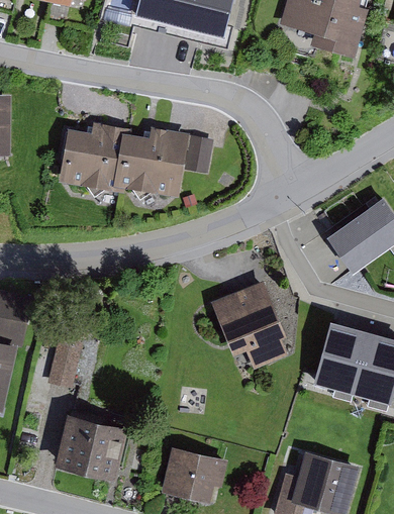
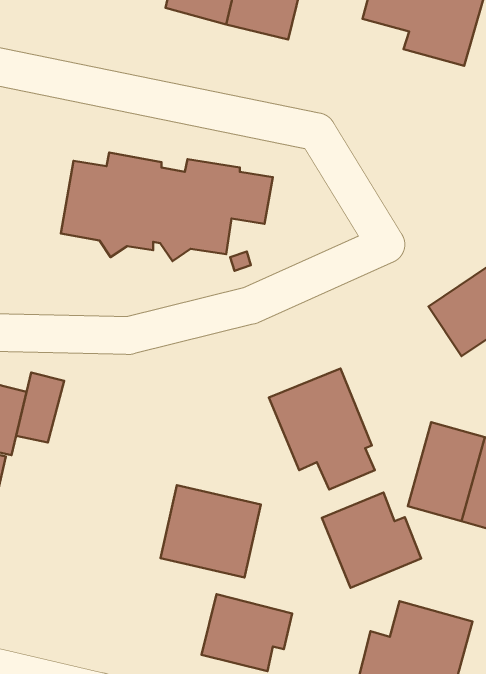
building: [47,337,83,389] -> [16,372,64,443]
building: none -> [322,493,421,588]
building: [55,413,128,481] -> [160,485,261,578]

